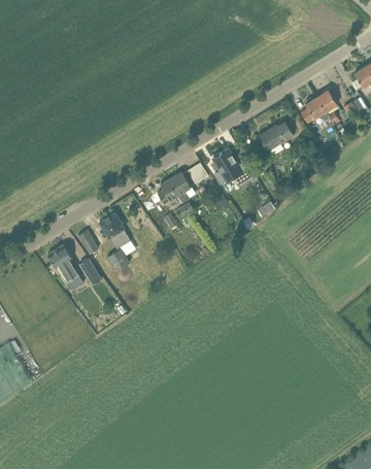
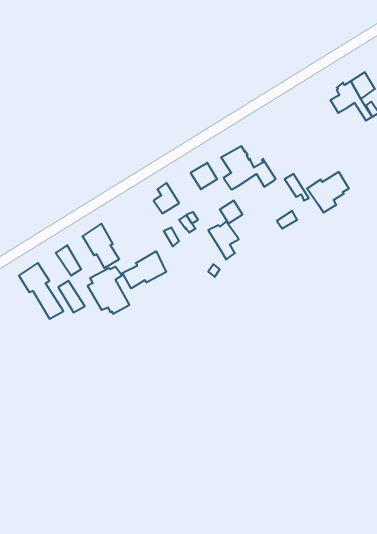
building: [260,123,294,156] -> [307,172,349,213]
building: [168,172,193,203] -> [208,221,239,260]
building: none -> [122,251,166,288]

